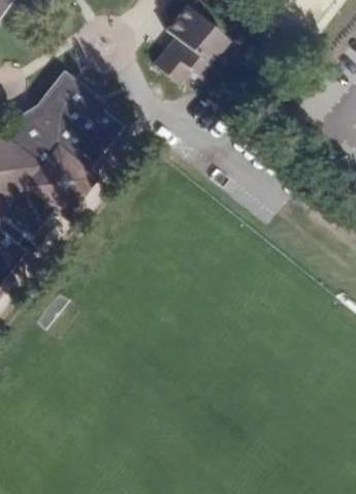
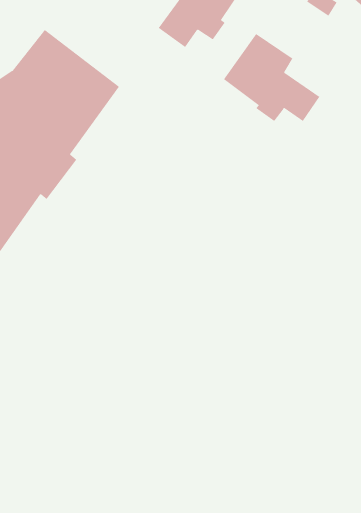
building: none -> [223,33,320,122]

